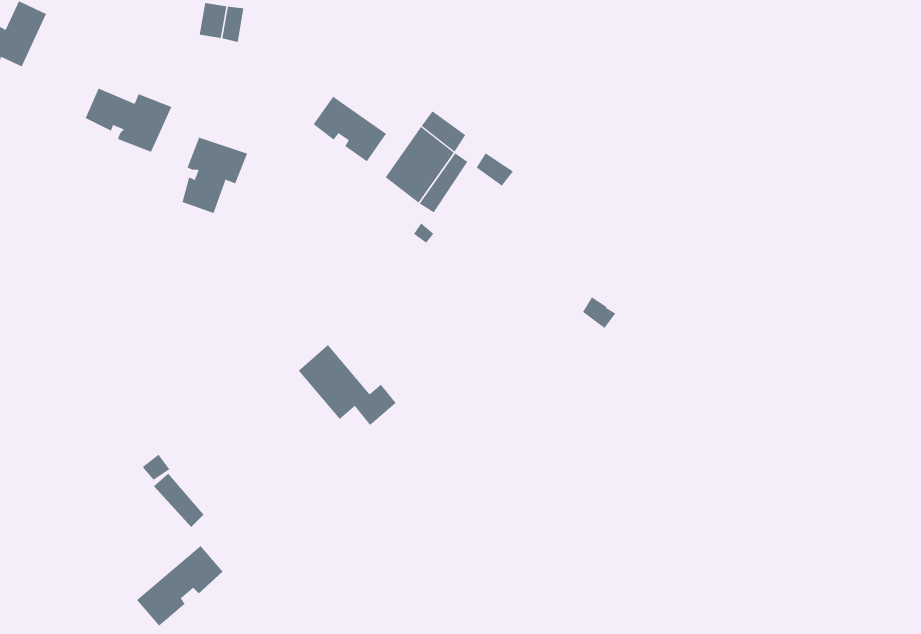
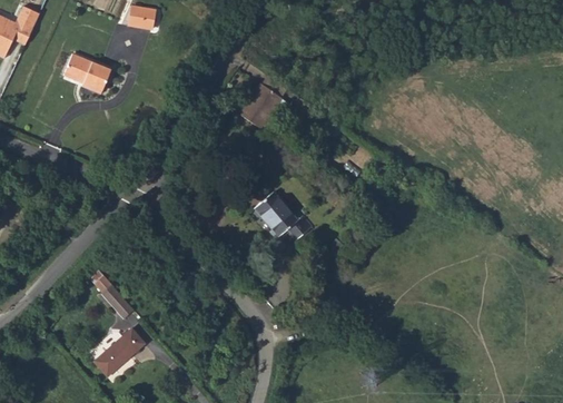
building: [313,96,387,162] -> none
building: [182,137,248,214] -> none
building: [298,344,396,426] -> [254,191,312,239]

